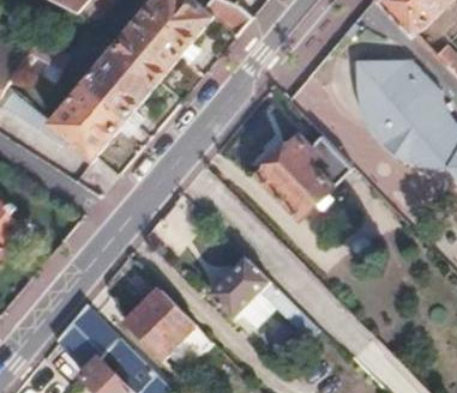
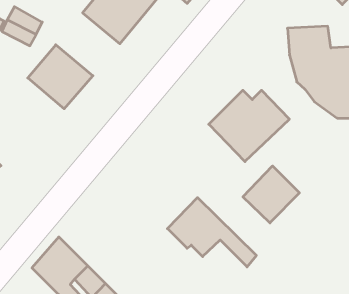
building: [83,43,157,116] -> none
building: none -> [243,166,299,223]
building: [128,290,216,357] -> none

